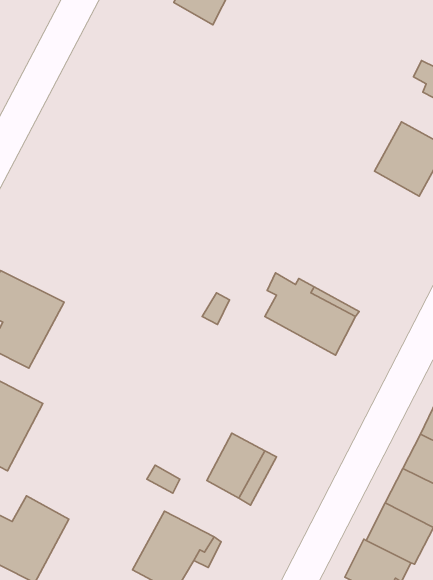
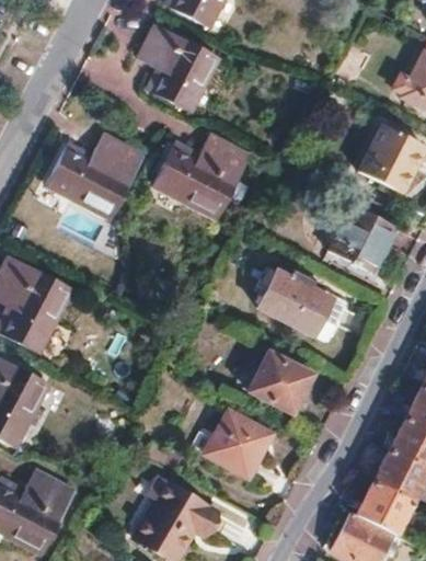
building: none -> [142,32,219,115]
building: none -> [51,136,149,219]
building: none -> [160,140,250,218]
building: none -> [327,203,395,270]
building: none -> [247,350,309,410]

